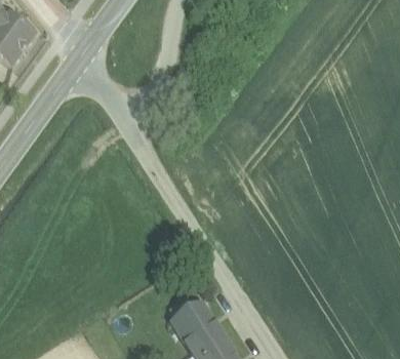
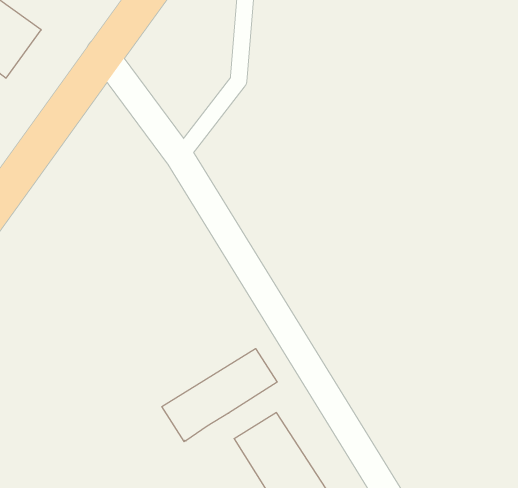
building: none -> [162,349,277,442]

